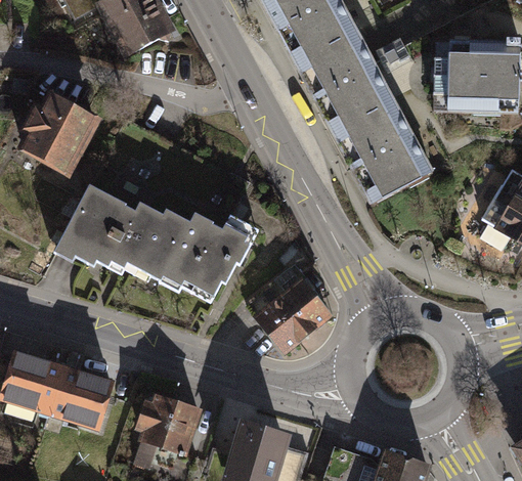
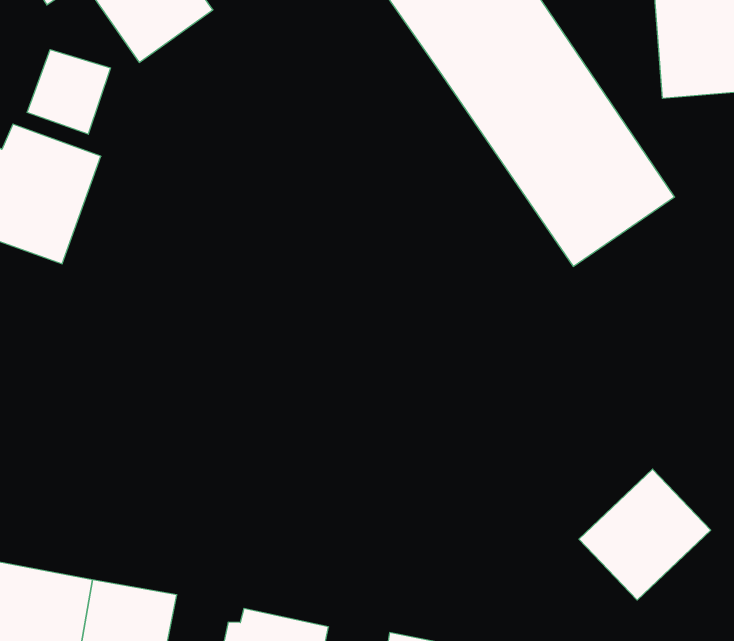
building: none -> [27,50,111,134]
building: [54,181,253,302] -> none
building: [254,274,333,351] -> [579,469,711,600]

